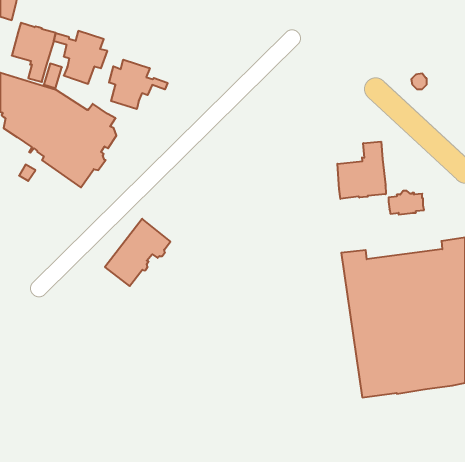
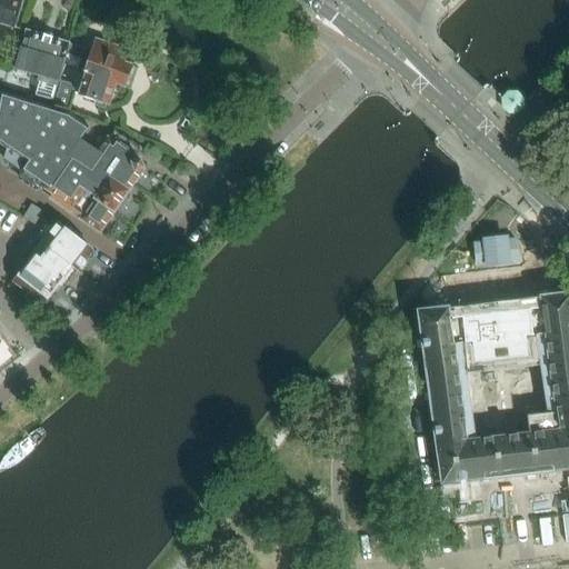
building: [109,60,168,109] -> none
building: [337,142,386,199] -> none
building: [105,219,170,286] -> [12,220,92,302]

